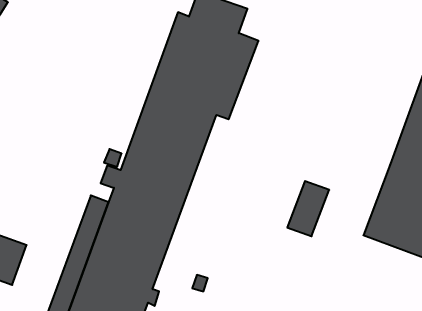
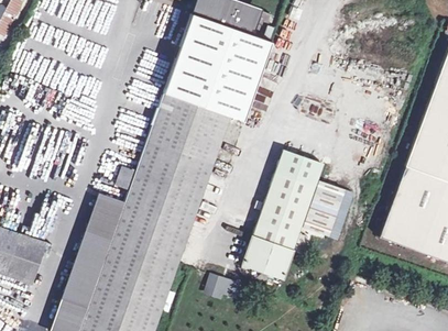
building: none -> [241,151,323,278]

